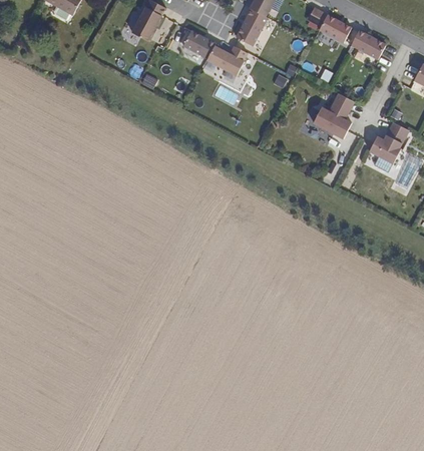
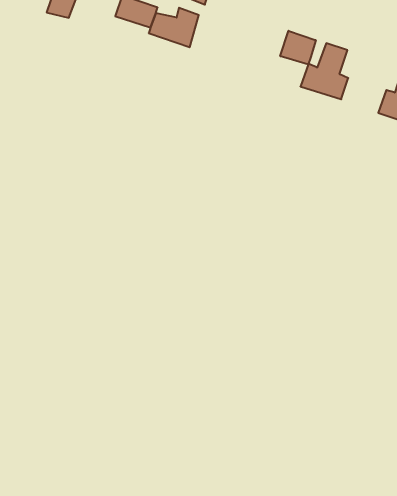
building: none -> [280,31,316,64]

